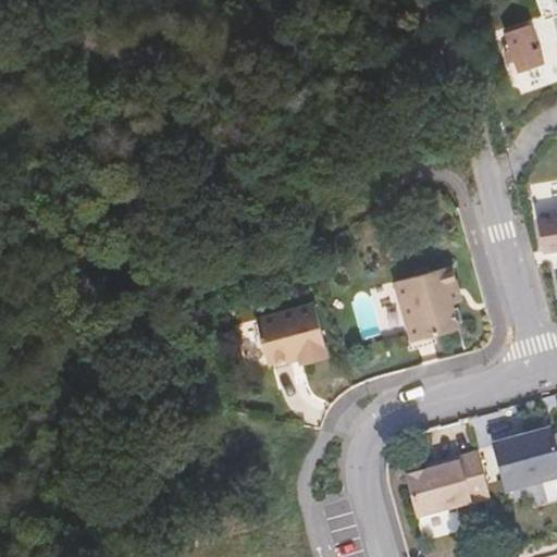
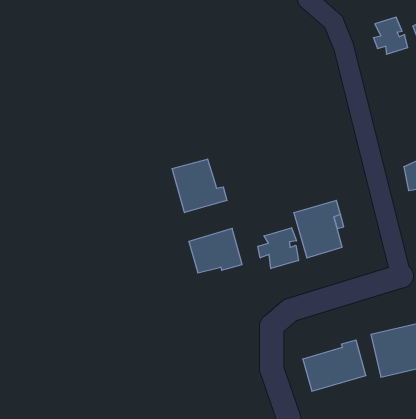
building: none -> [172,159,227,213]
building: none -> [258,228,298,269]

